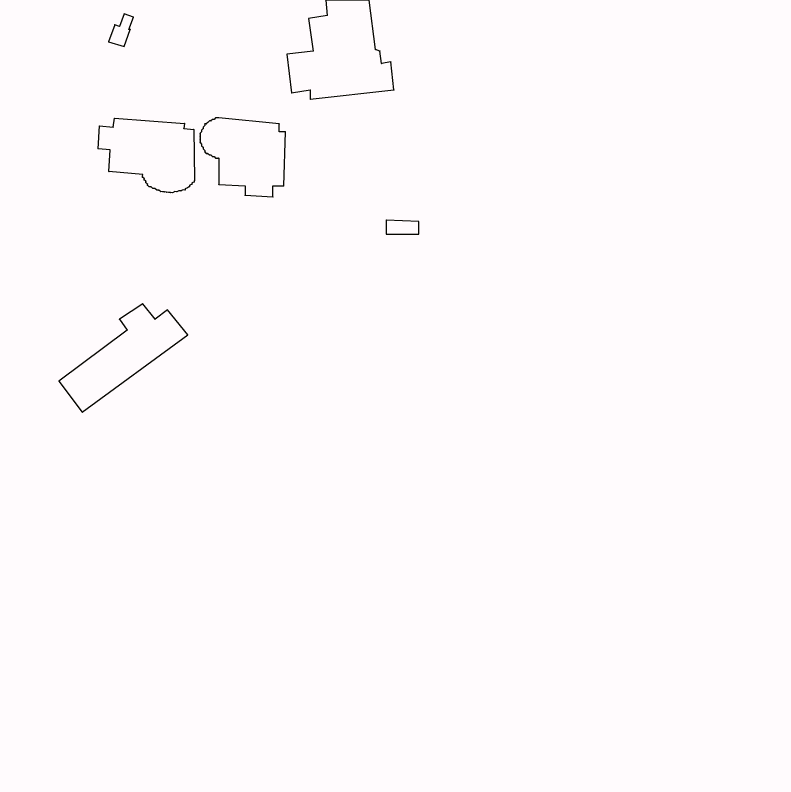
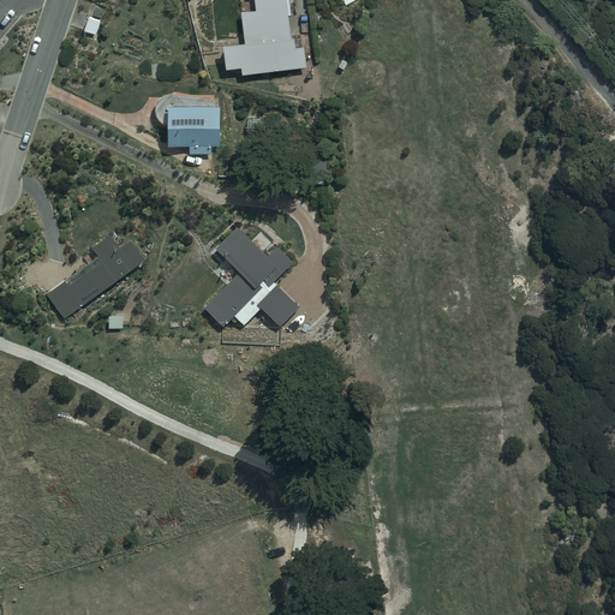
building: [98,118,195,193] -> none
building: none -> [202,226,298,327]

